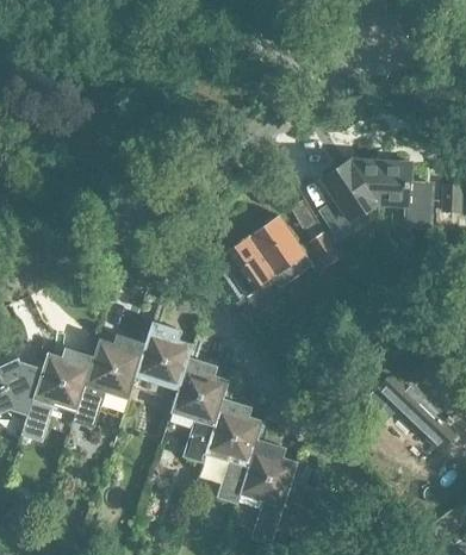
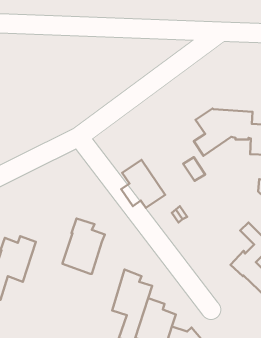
building: [247,214,311,286] -> none
building: [70,333,145,426] -> none
building: [168,355,228,462] -> none

